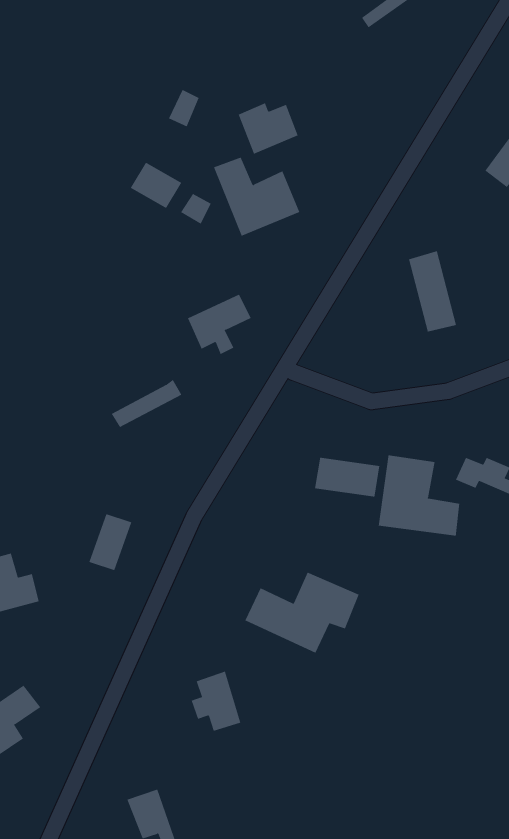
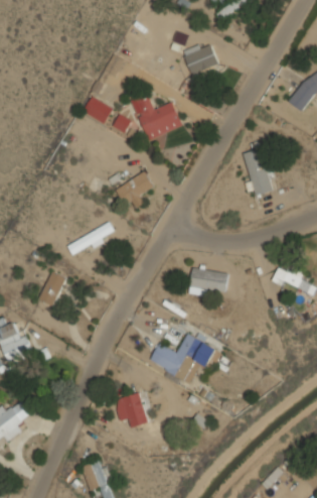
building: [238,102,299,154] -> [182,44,217,75]
building: [378,455,460,537] -> none
building: [89,513,132,571] -> [39,272,64,305]

